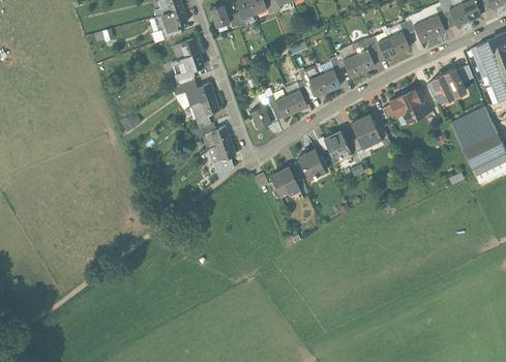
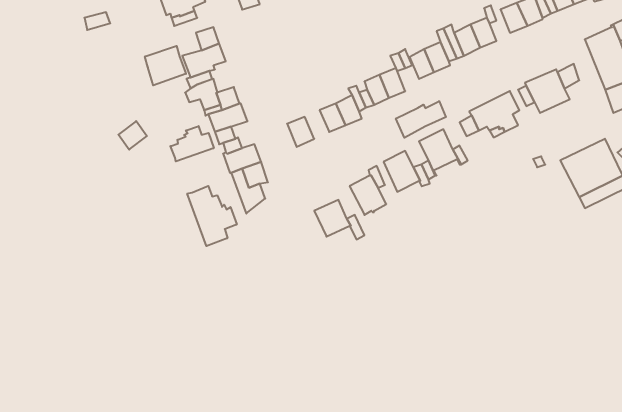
building: none -> [145,46,186,85]
building: none -> [396,101,446,138]
building: [451,107,493,139] -> none
building: none -> [170,126,214,161]
building: none -> [187,186,237,246]

